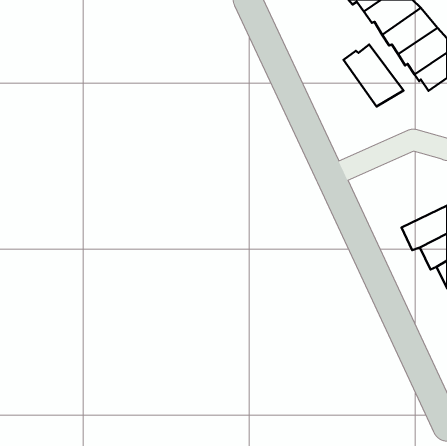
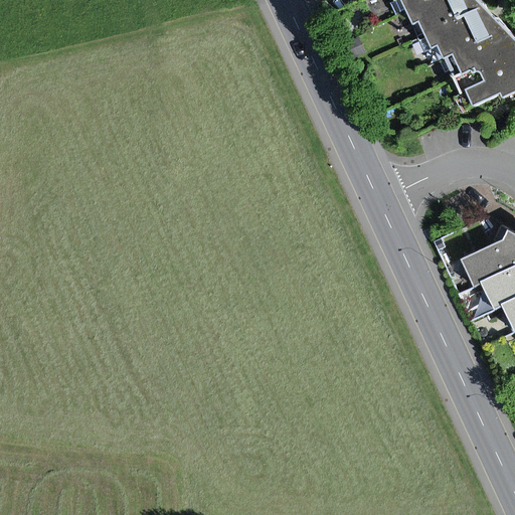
building: [344,44,404,107] -> none

